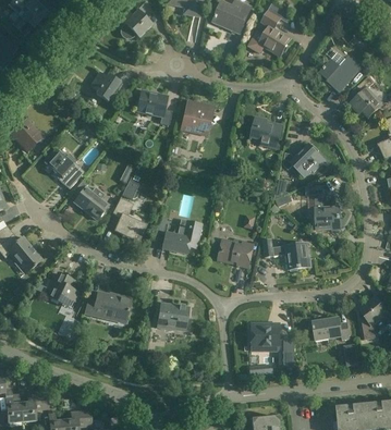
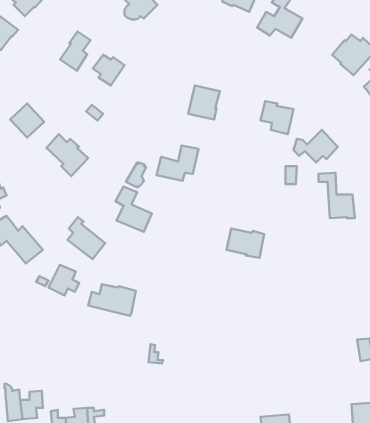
building: none -> [60,32,90,71]
building: [137,93,172,125] -> none
building: [72,180,108,220] -> [68,217,105,259]
building: [161,220,201,254] -> [157,146,198,181]
building: [264,239,311,269] -> none
building: [157,303,188,330] -> none
building: [313,316,350,339] -> none
building: [252,323,294,366] -> none

